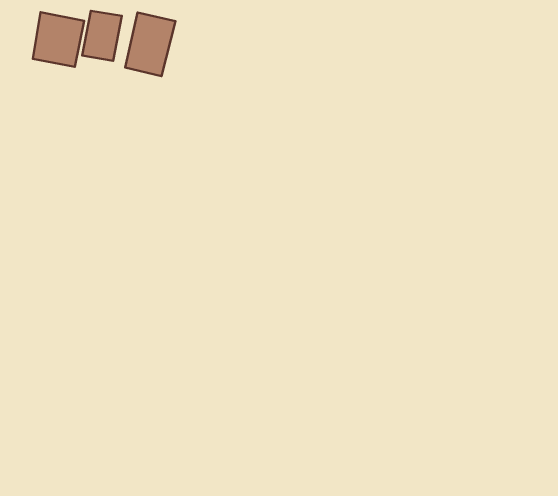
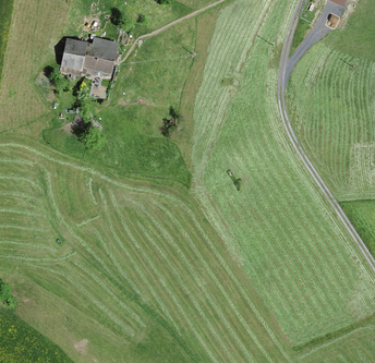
building: [33,12,84,67] -> none

